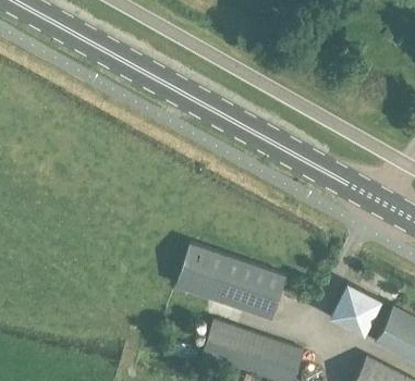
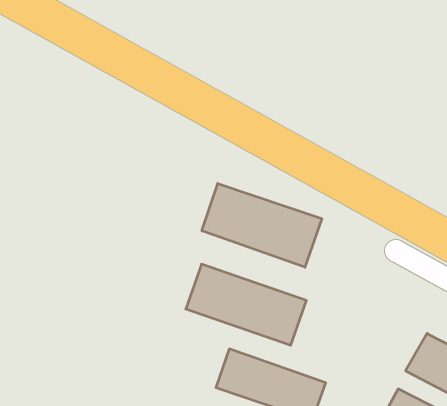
building: none -> [202,183,322,267]
building: [330,283,382,336] -> none

